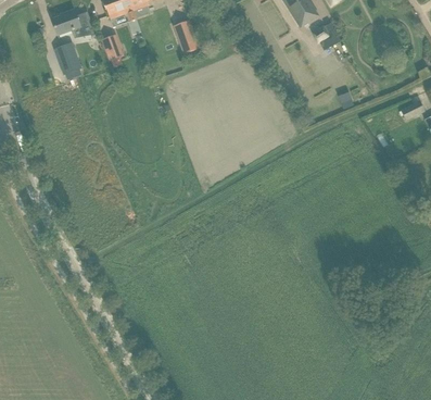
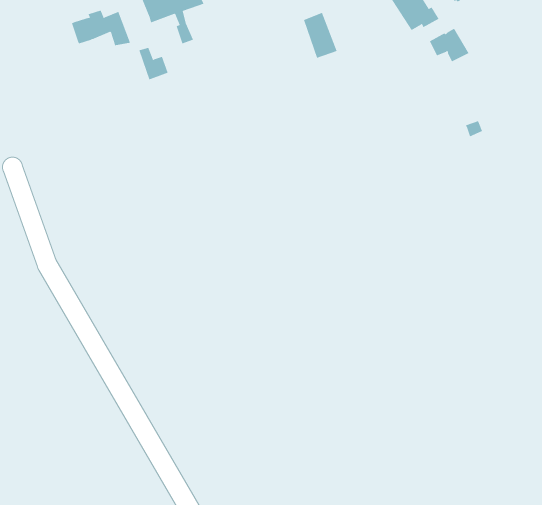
building: [174,20,199,53] -> [303,12,337,59]
building: [54,41,81,74] -> none

